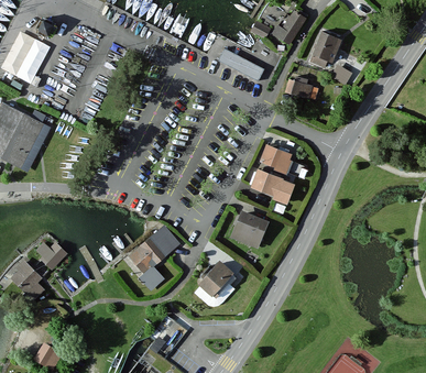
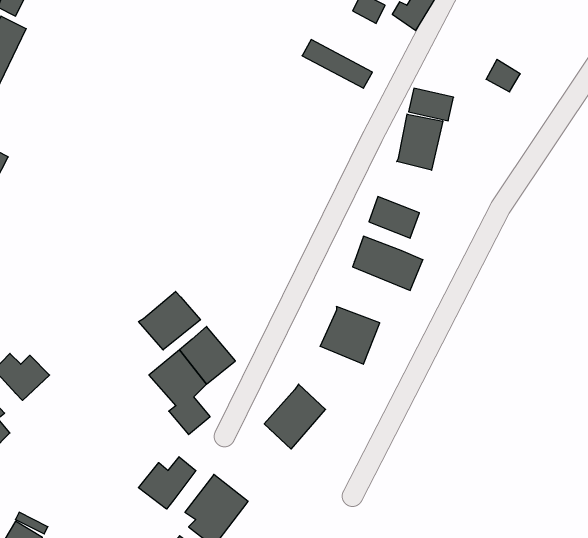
building: [313,33,340,63] -> none
building: none -> [397,114,443,170]
building: none -> [139,291,200,350]
building: none -> [138,457,196,509]

